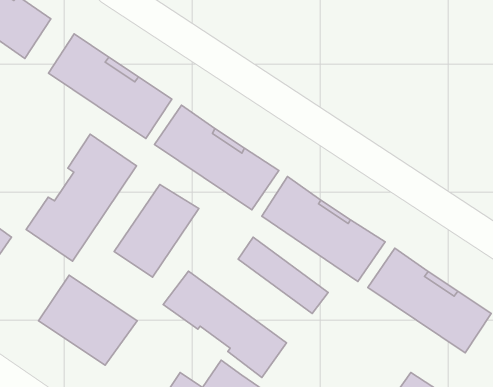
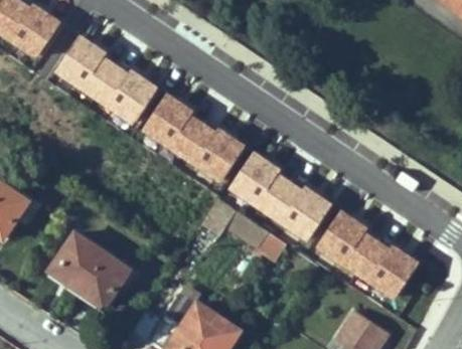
building: [26,134,137,261] -> none
building: [114,184,199,277] -> none
building: [163,271,287,377] -> none

